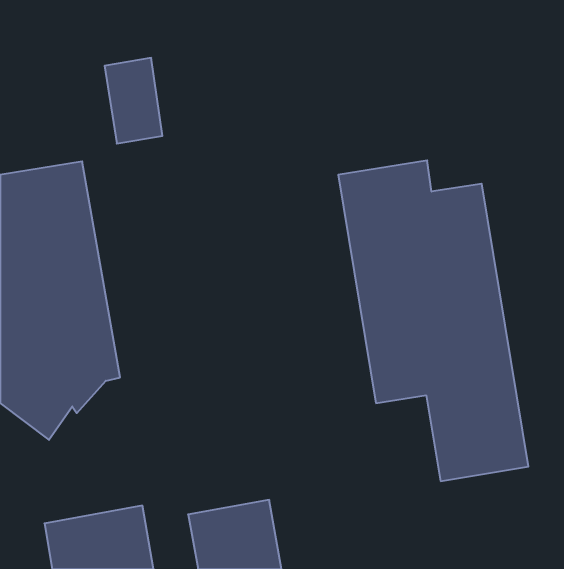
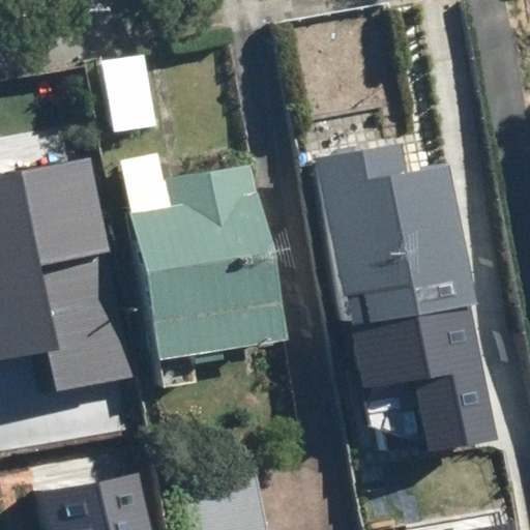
building: none -> [131,167,284,364]

